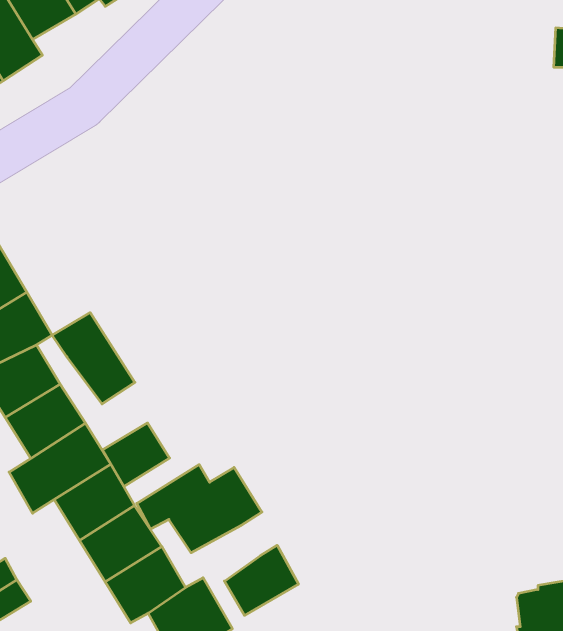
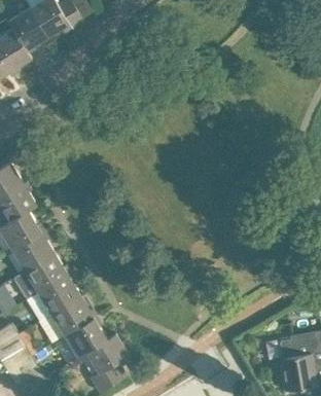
building: [52,313,135,404] -> none
building: [103,423,170,486] -> none
building: [137,465,262,553] -> none
building: [224,545,298,615] -> none

